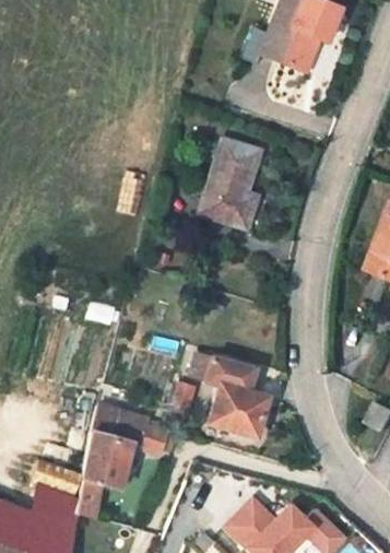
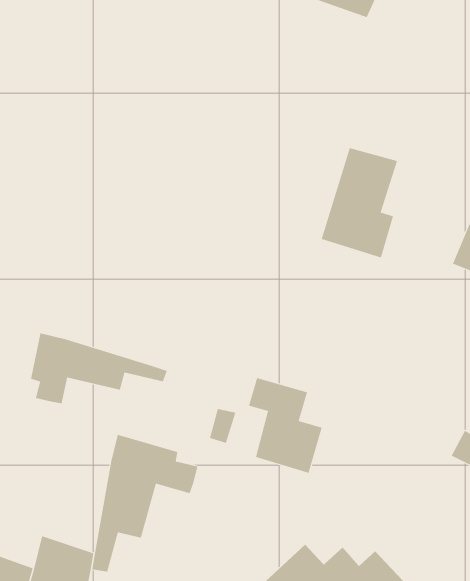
building: [200,139,262,228] -> [321,147,398,258]
building: none -> [31,332,167,404]

